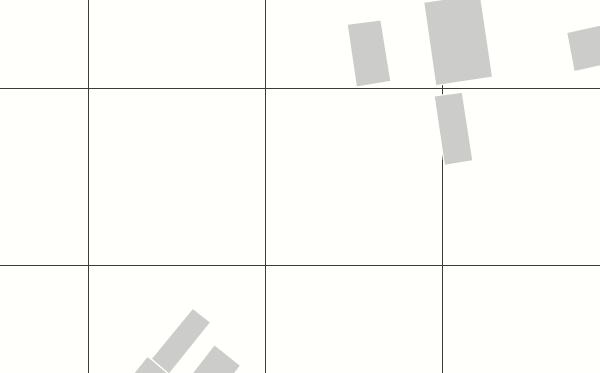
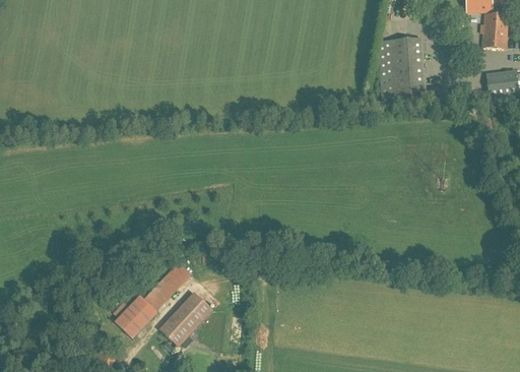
building: [347,20,391,87] -> none
building: [434,92,473,165] -> none

